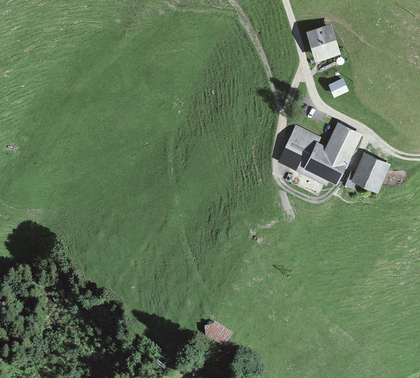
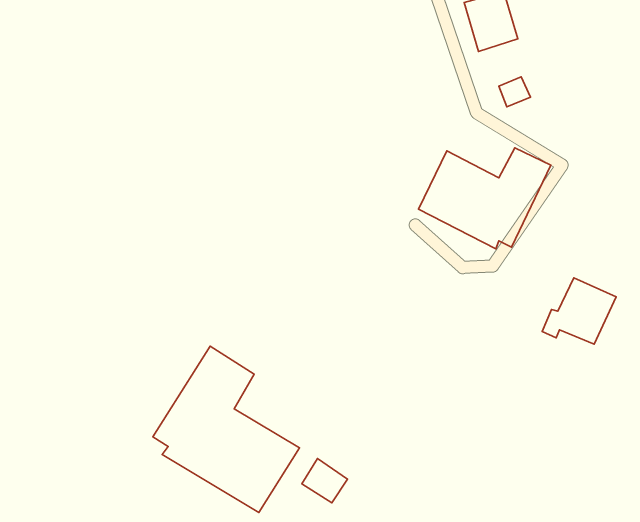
building: [344,152,391,194] -> [542,278,616,344]
building: none -> [153,346,299,513]

